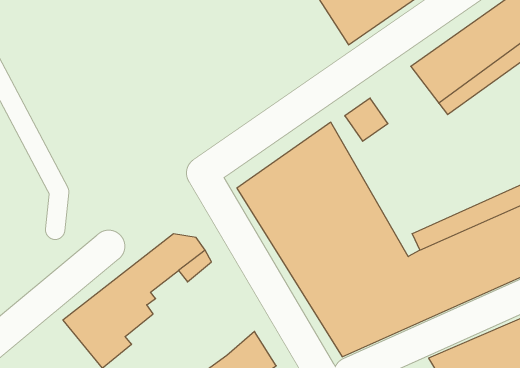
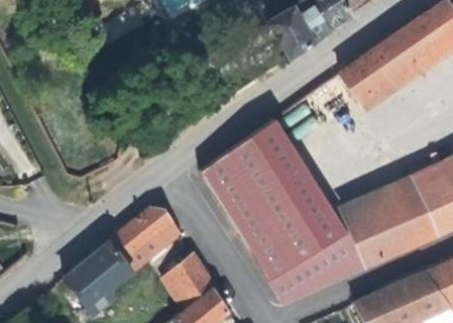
building: none -> [173,257,214,305]

